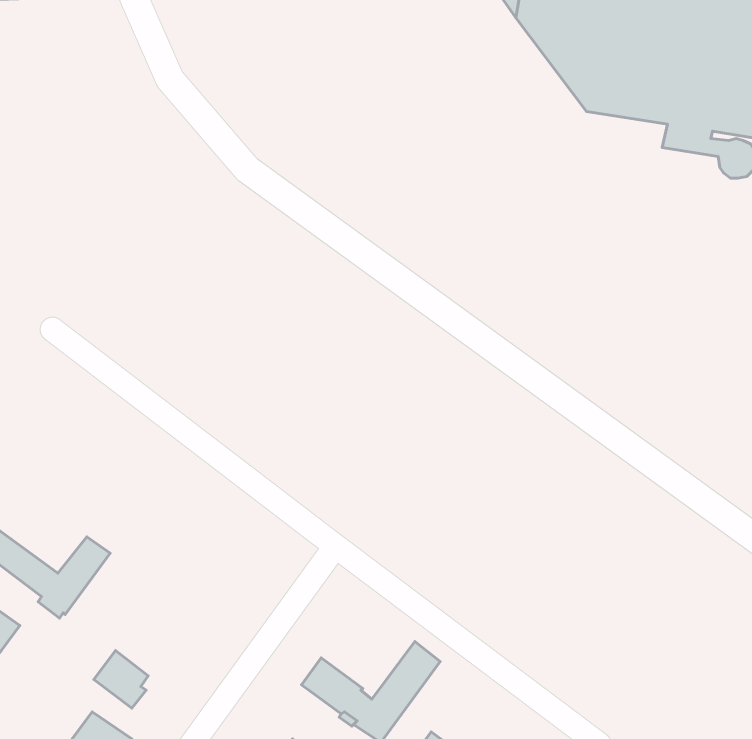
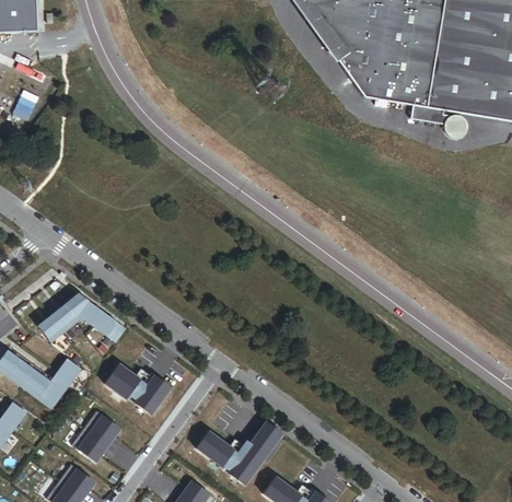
building: none -> [37,292,126,341]
building: none -> [106,364,171,413]
building: none -> [84,410,119,442]

